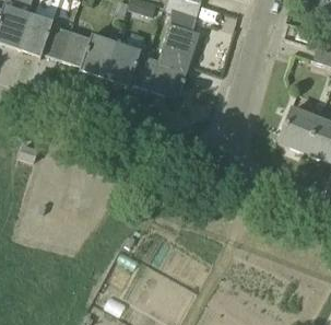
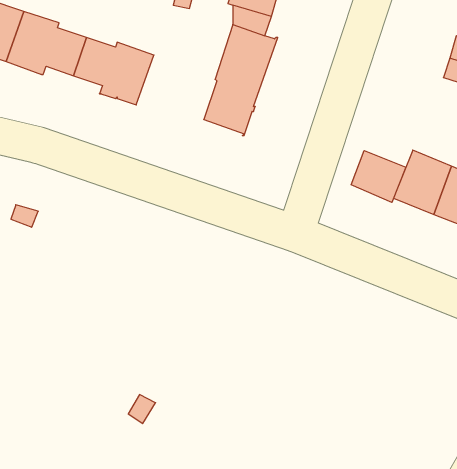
building: [104,43,158,86] -> none
building: none -> [351,151,406,202]

